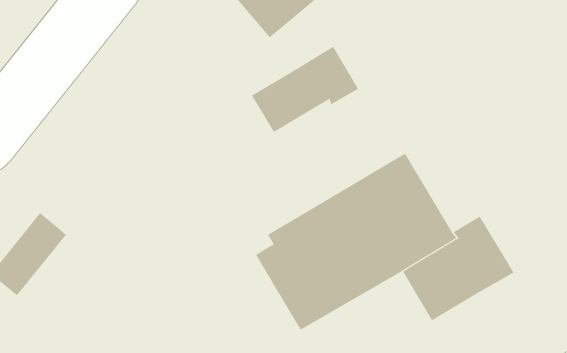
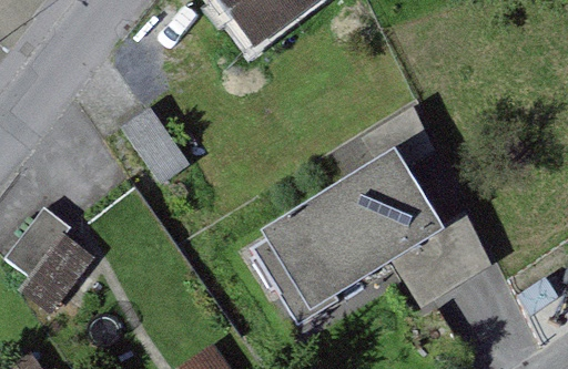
building: [251,46,359,133] -> none

